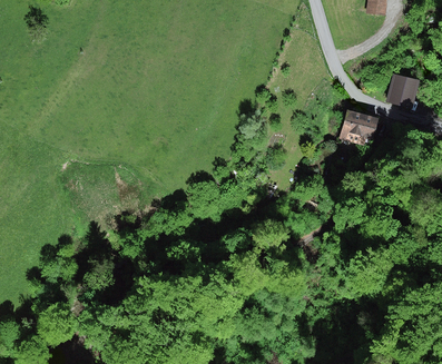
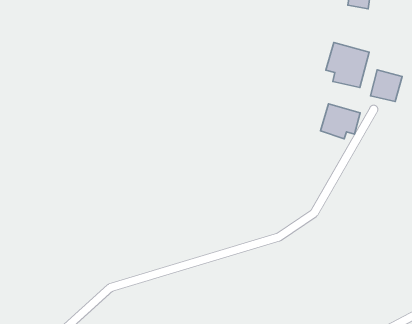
building: none -> [326,43,369,87]

